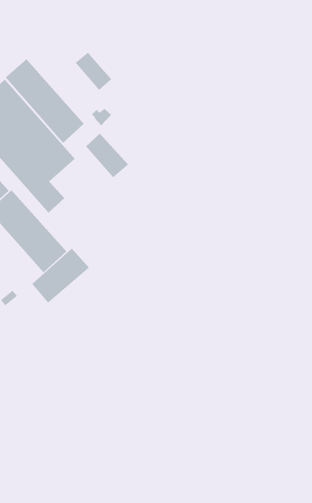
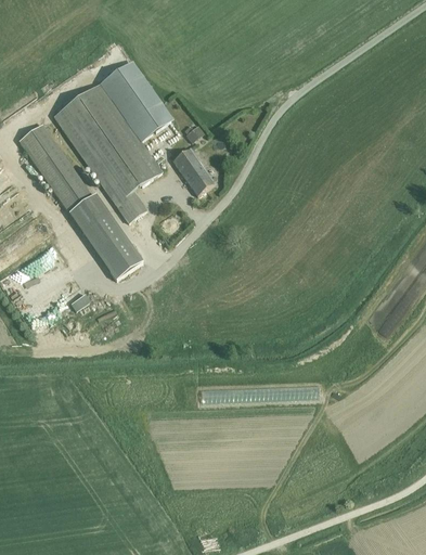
building: [75,52,112,91] -> none
building: [32,248,90,304] -> none

